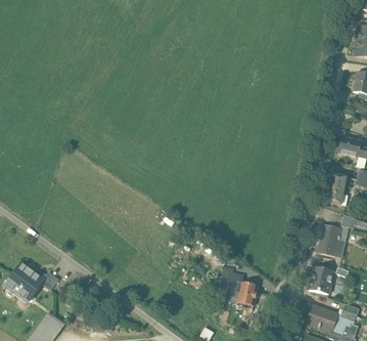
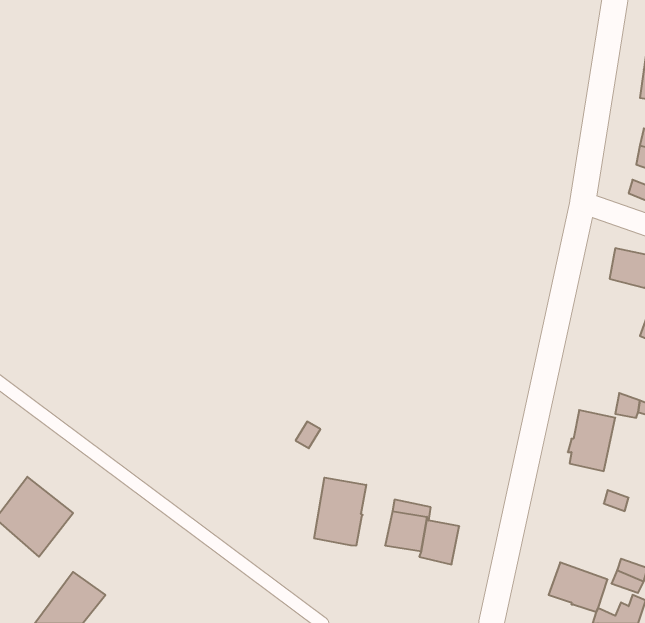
building: [327,174,348,206] -> none
building: none -> [314,478,366,546]
building: [309,267,333,294] -> none

